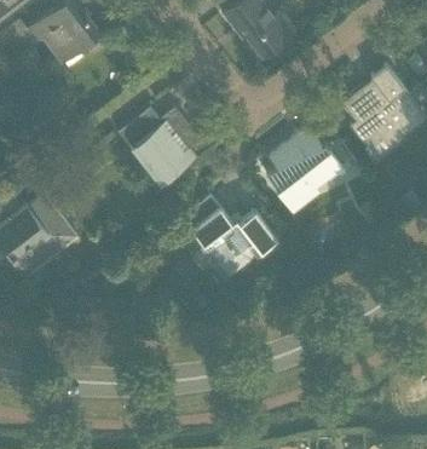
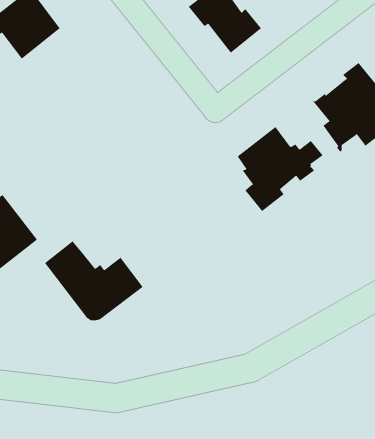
building: [120,109,202,183] -> none
building: [184,197,279,275] -> [44,240,143,321]

